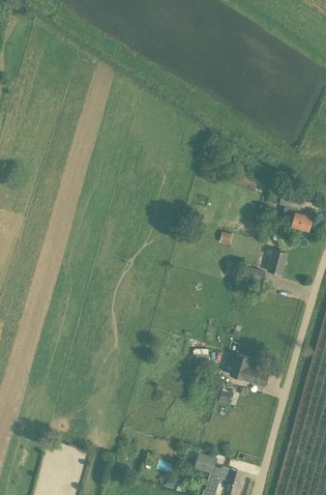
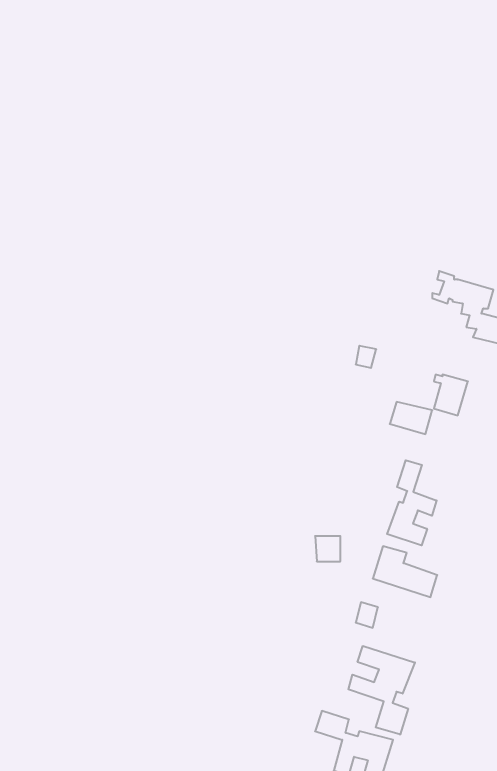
building: none -> [387,460,437,545]
building: none -> [348,646,415,735]

